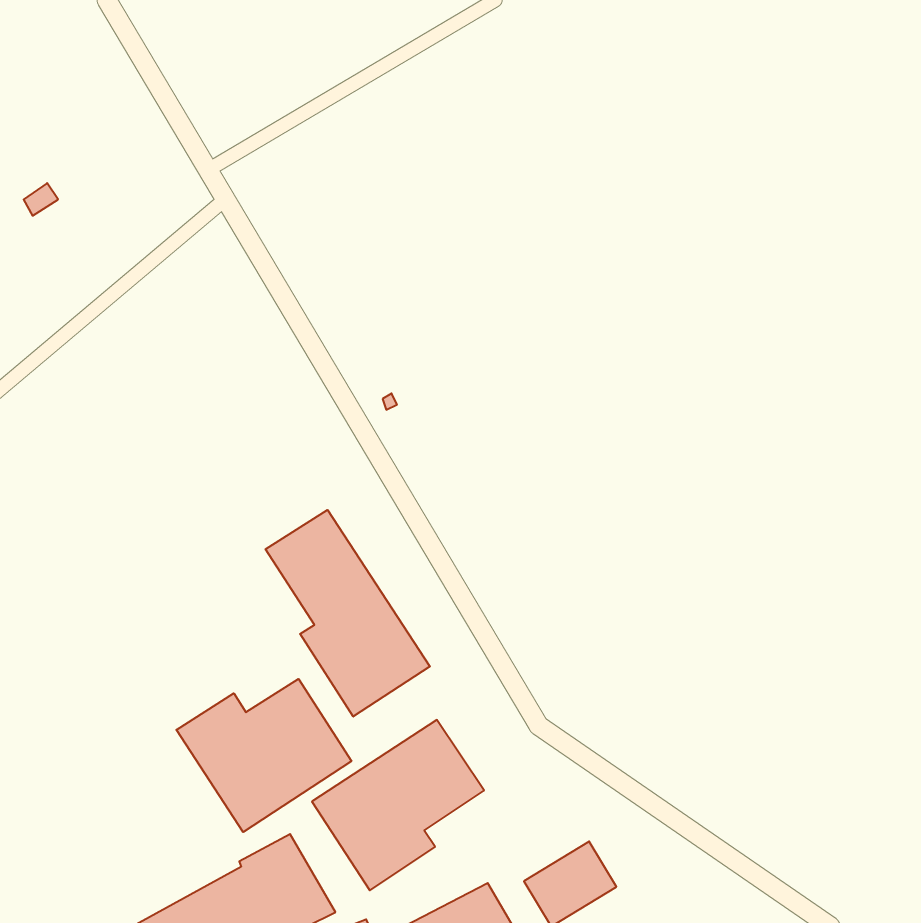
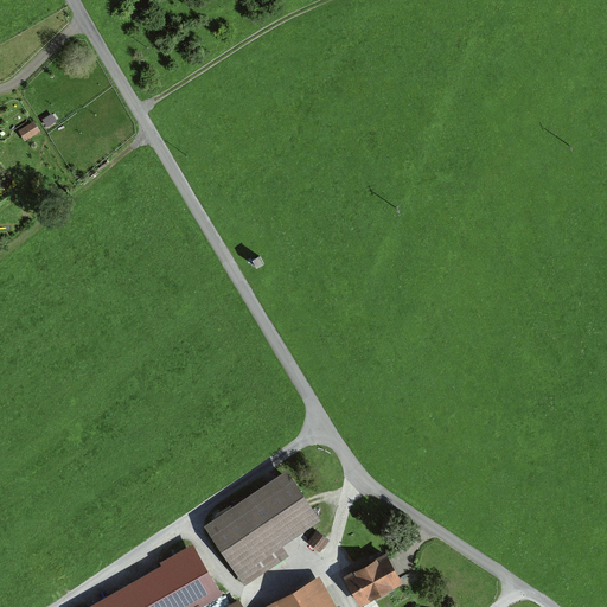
building: [266,510,430,717] -> none
building: [176,679,351,832] -> none

